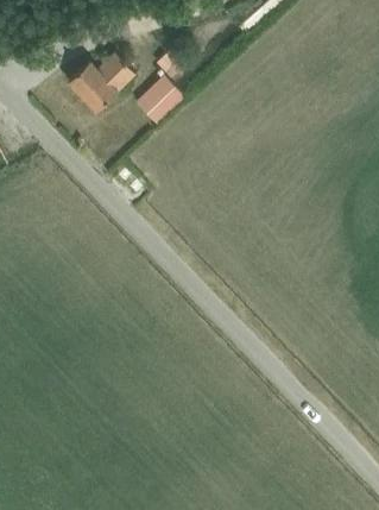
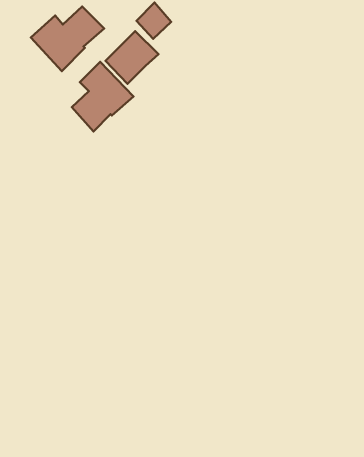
building: none -> [72,62,134,131]

